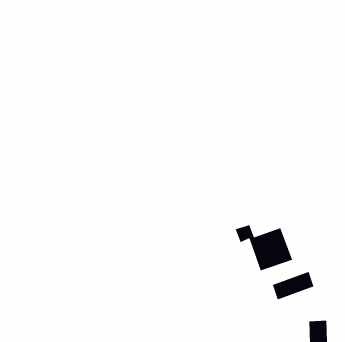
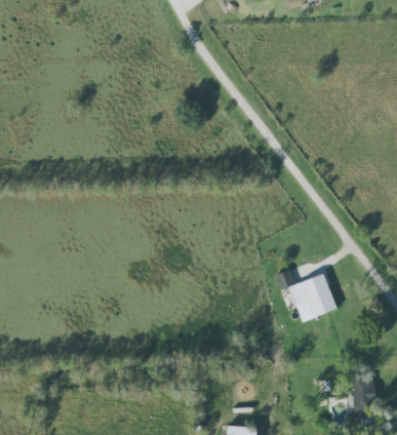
building: [272,271,314,301] -> none

